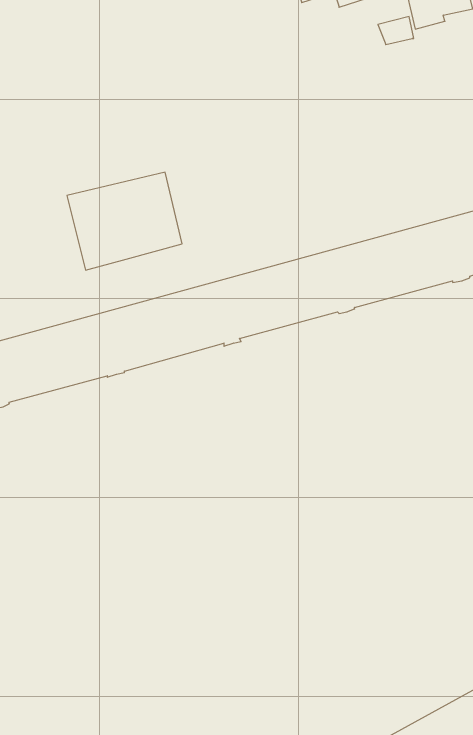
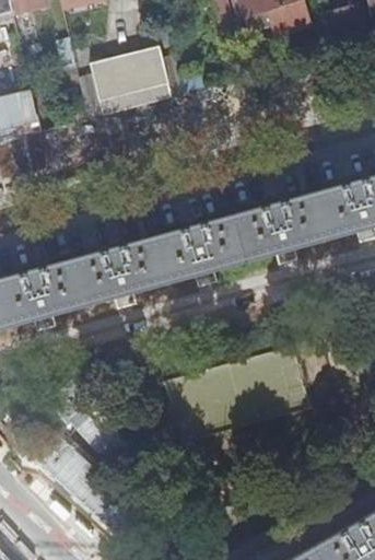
building: [67,172,182,270] -> [91,46,172,115]

